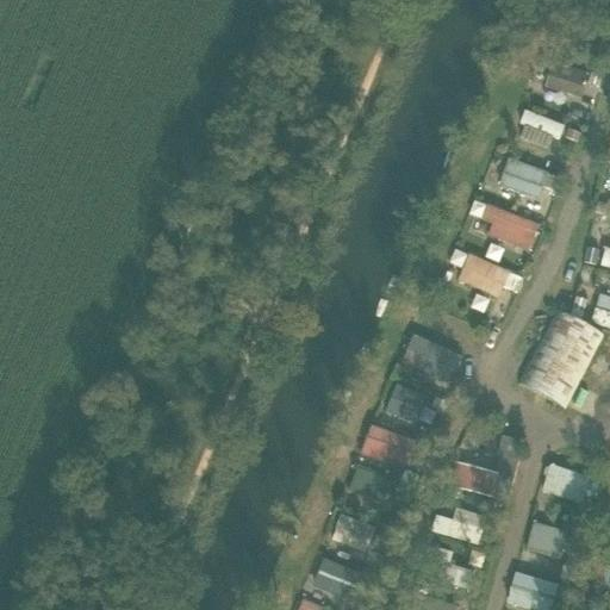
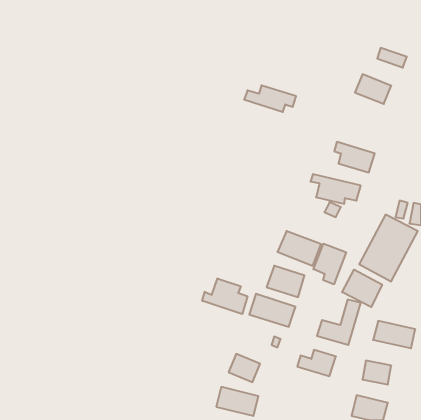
building: [483,158,558,197] -> [244,85,296,112]
building: none -> [313,244,346,284]
building: none -> [342,270,382,307]
building: none -> [202,278,247,314]

